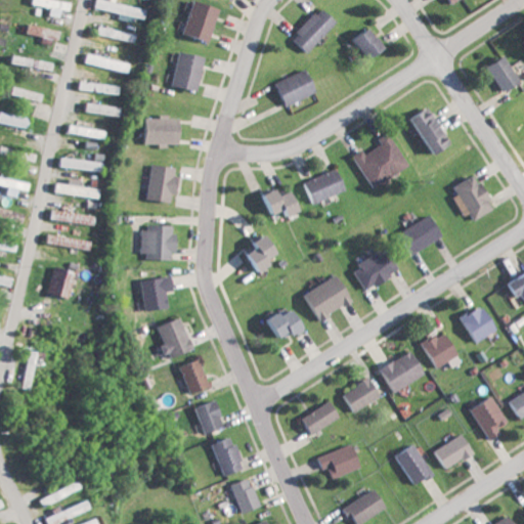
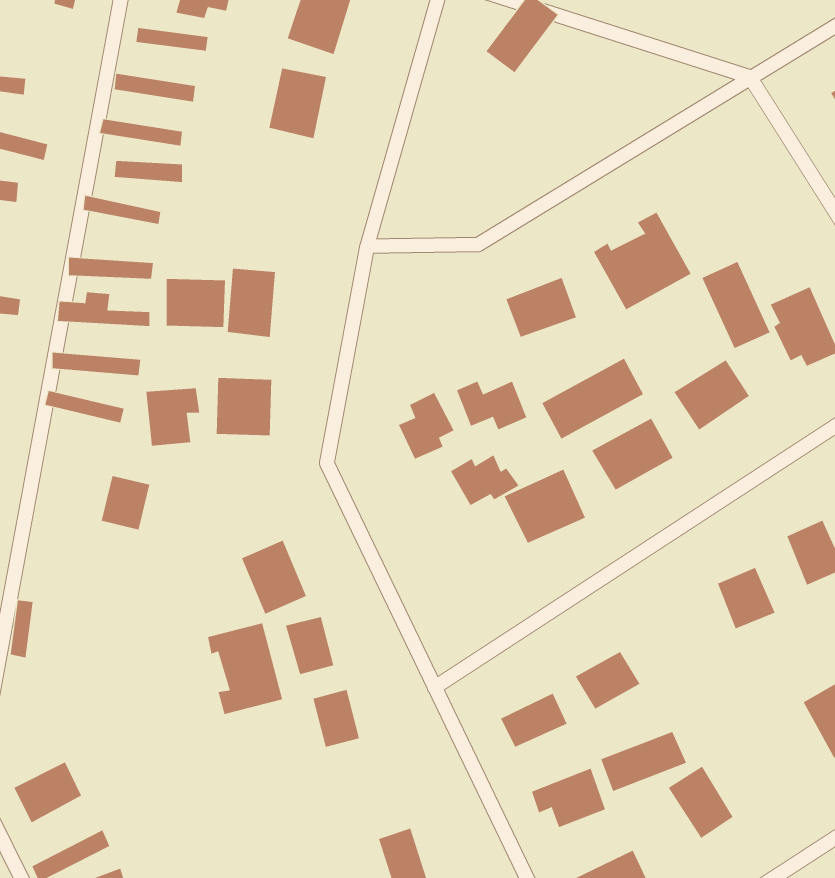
building: [26,26,59,48] -> none
building: [350,30,380,61] -> none
building: [275,72,314,106] -> none
building: [409,106,448,156] -> [701,261,771,349]
building: [143,117,177,144] -> [166,278,226,328]
building: [259,189,299,217] -> [456,381,527,430]
building: none -> [541,358,644,439]
building: [48,268,76,299] -> [101,475,150,530]
building: [141,277,172,310] -> [146,388,200,446]
building: [263,310,302,339] -> [450,455,519,506]
building: [379,351,424,394] -> none
building: none -> [207,622,283,715]
building: none -> [601,731,687,792]
building: [435,435,473,470] -> none
building: [212,437,244,477] -> none
building: none -> [13,762,82,823]

